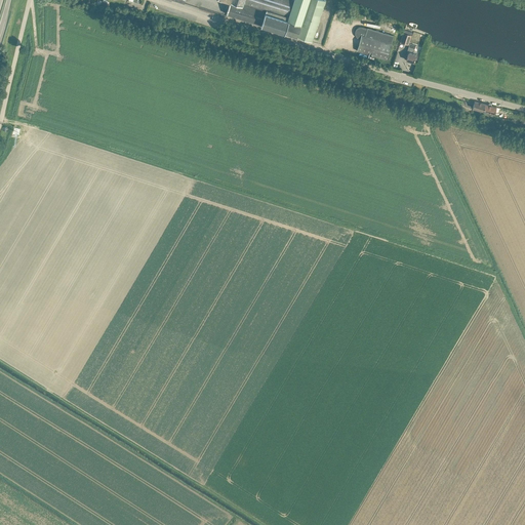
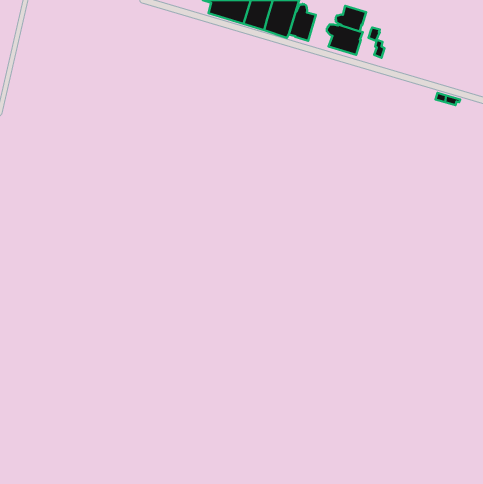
building: none -> [289,4,316,41]
building: none -> [335,6,366,31]

